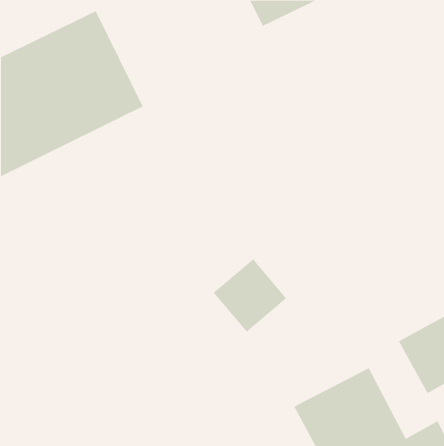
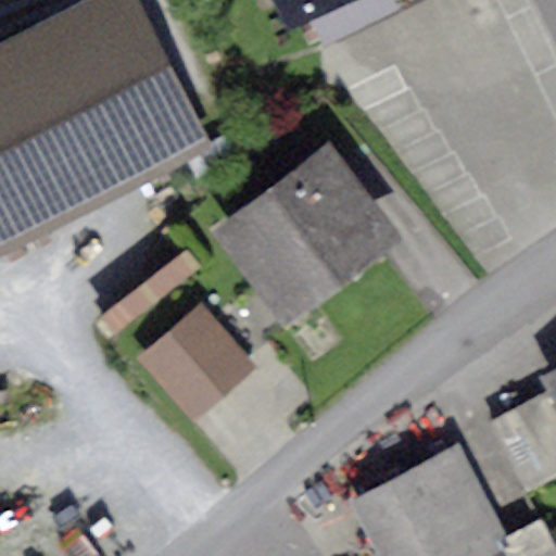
building: none -> [244,149,383,302]
building: [213,258,287,332] -> [160,320,251,412]

